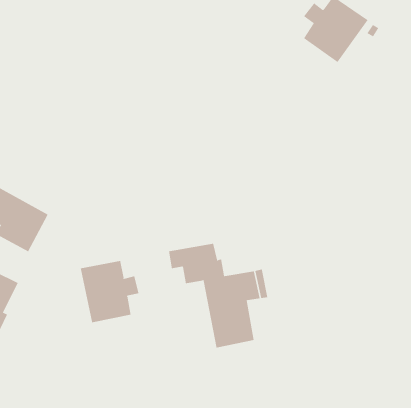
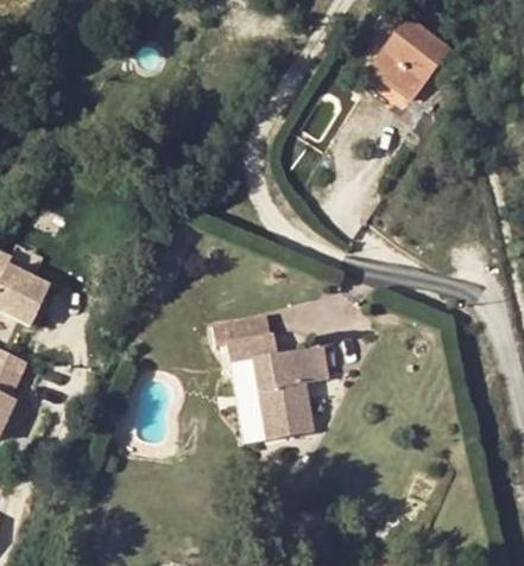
building: [80,260,139,323] -> none

